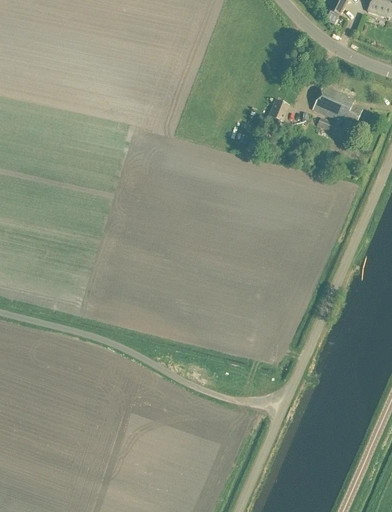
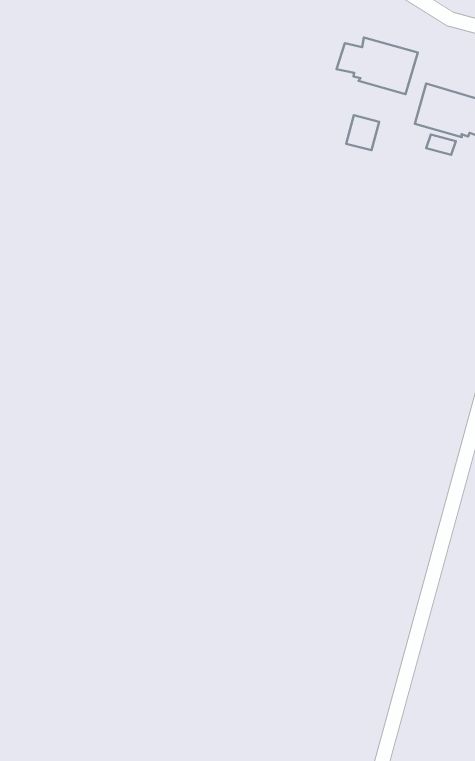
building: none -> [337,37,418,94]

